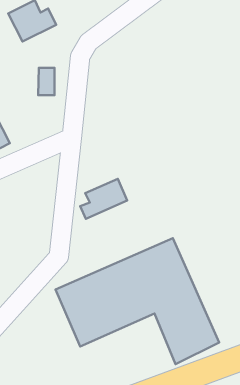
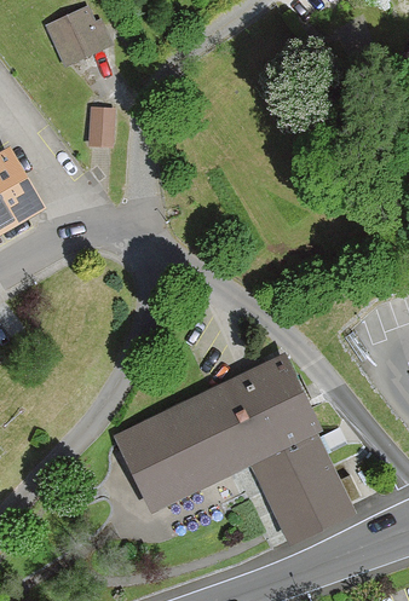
building: [80,179,127,219] -> none

